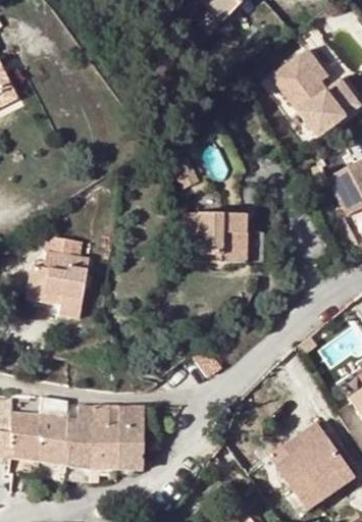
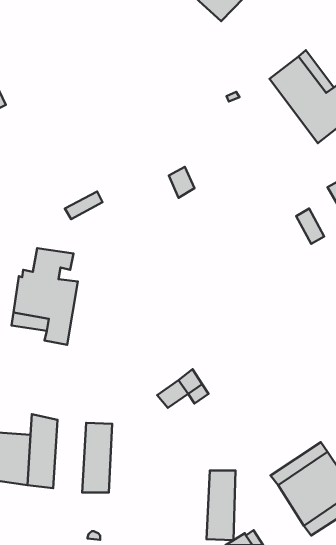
building: [179,212,247,262] -> none
building: [64,403,96,469] -> none
building: [117,404,145,470] -> [207,471,236,540]

